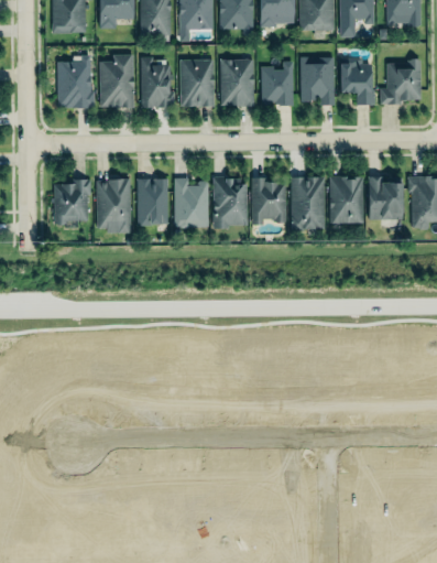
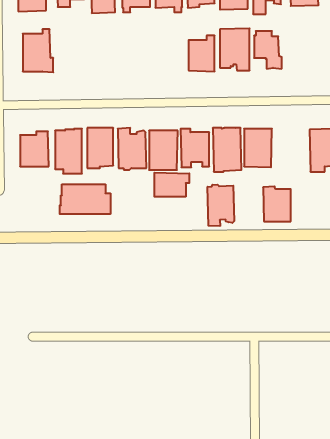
building: [100,54,134,107] -> none
building: [141,56,175,106] -> none
building: [381,58,422,104] -> none
building: [179,61,215,108] -> none
building: [220,61,254,108] -> none
building: [368,177,402,220] -> [263,186,291,221]
building: none -> [154,173,189,197]
building: none -> [60,184,110,214]
building: none -> [208,185,234,226]

